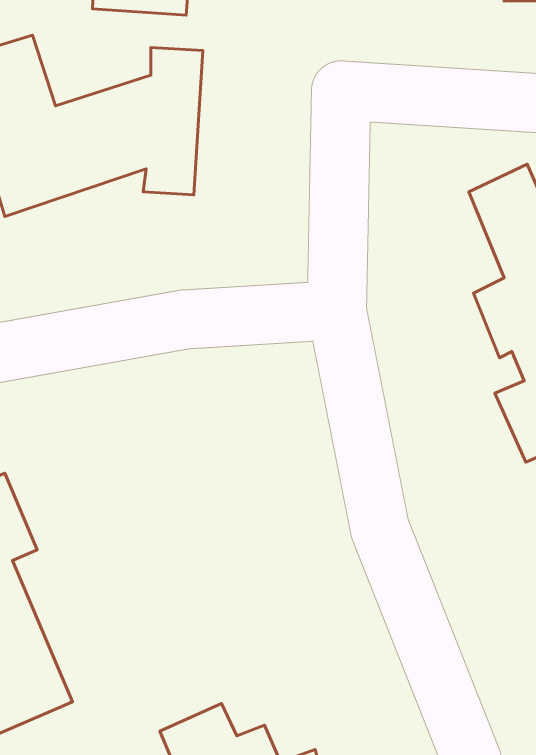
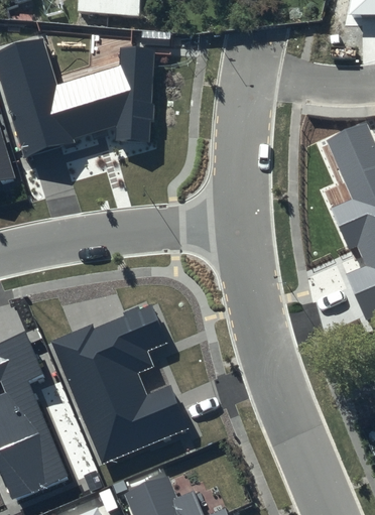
building: none -> [49,299,191,466]

